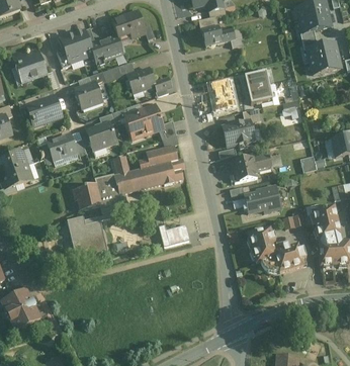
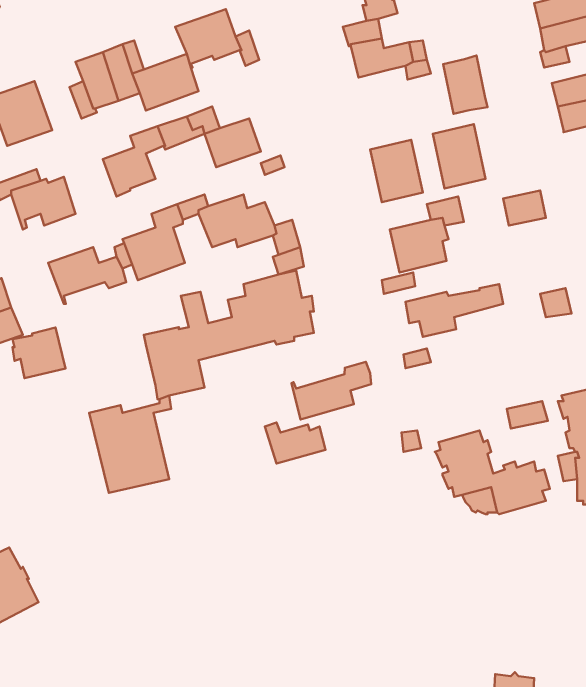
building: none -> [443,56,487,114]
building: [74,184,101,210] -> [13,328,65,378]
building: [244,185,279,212] -> none
building: none -> [292,362,371,419]

